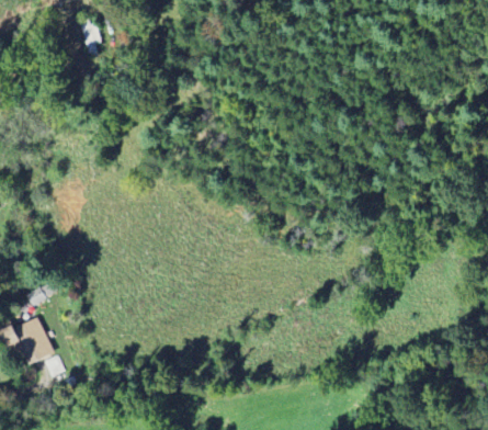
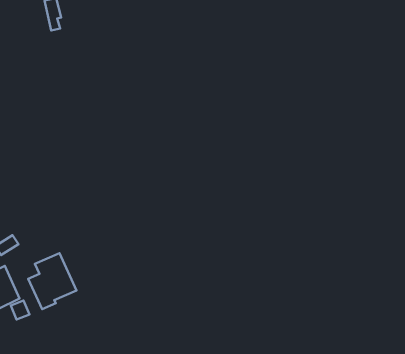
building: none -> [28,253,76,309]

